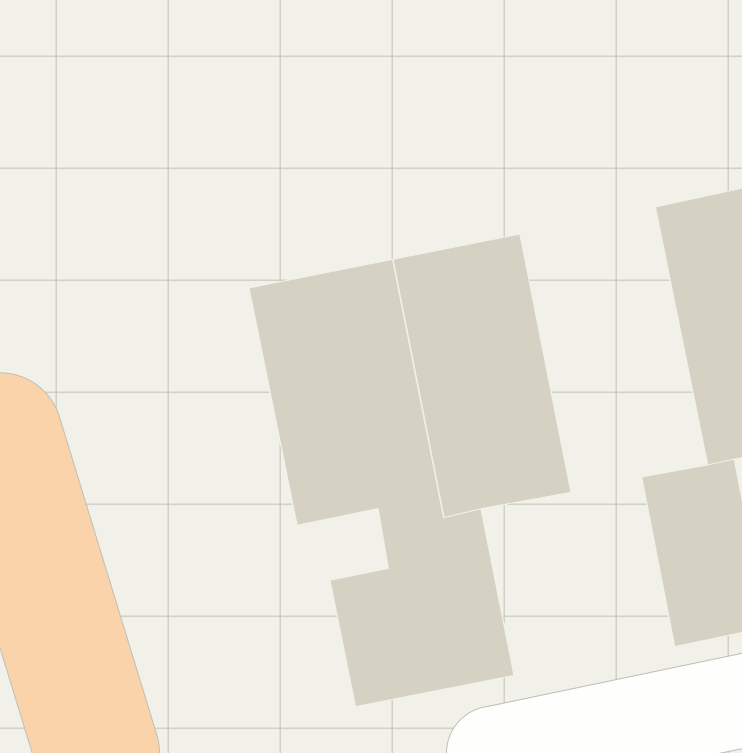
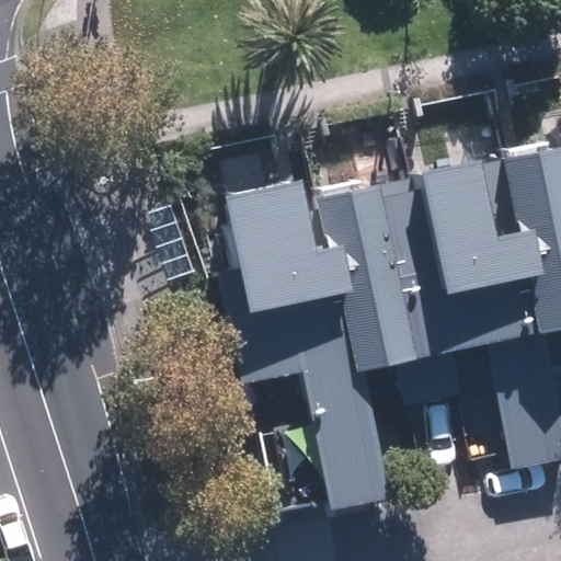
building: none -> [398,151,535,359]

